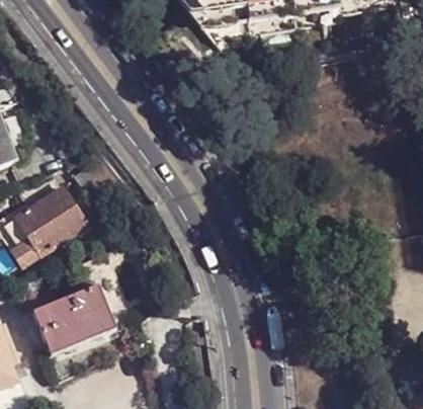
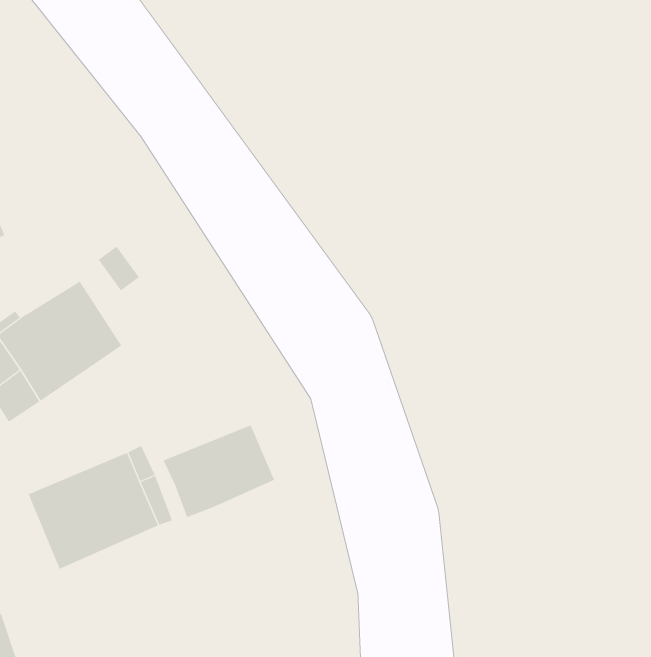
building: none -> [163,424,275,518]

